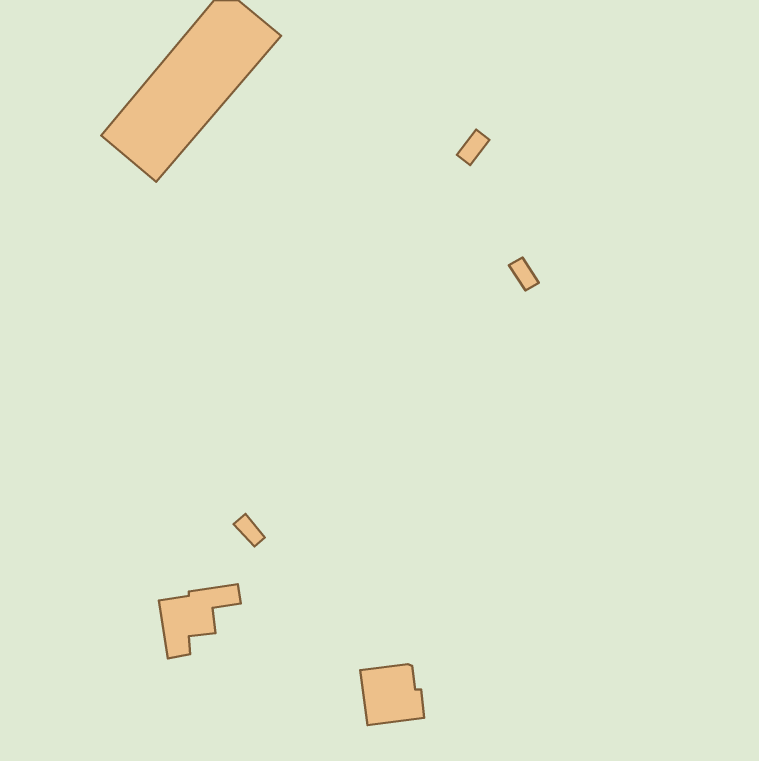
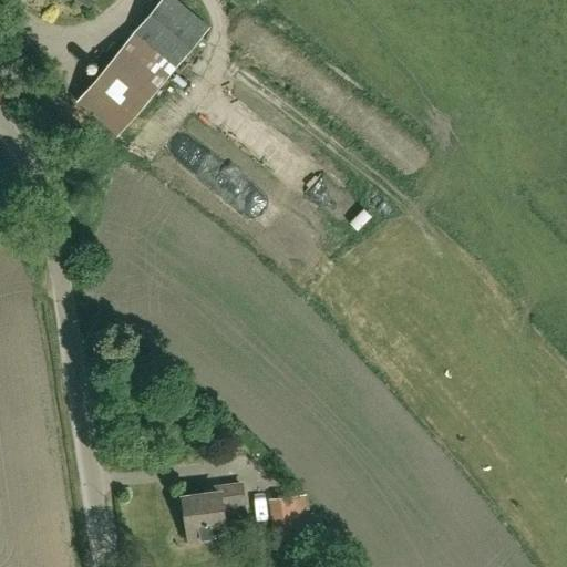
building: [159,584,241,658] -> [182,485,243,540]

